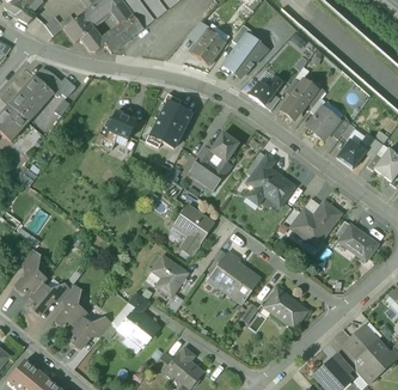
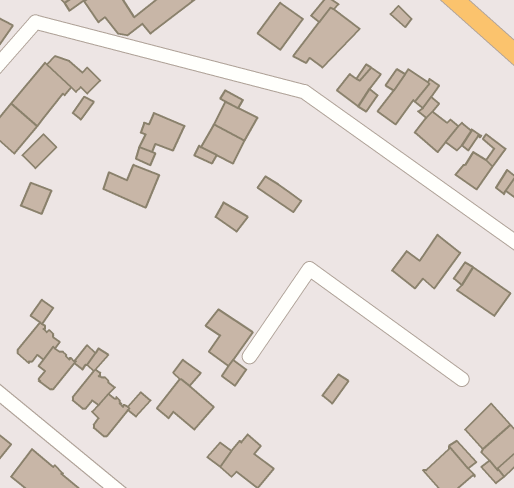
building: [197,132,238,175] -> none
building: none -> [103,165,159,208]
building: [247,154,295,206] -> none
building: [176,205,214,255] -> none
building: [207,250,259,303] -> none
building: [263,287,307,329] -> none

